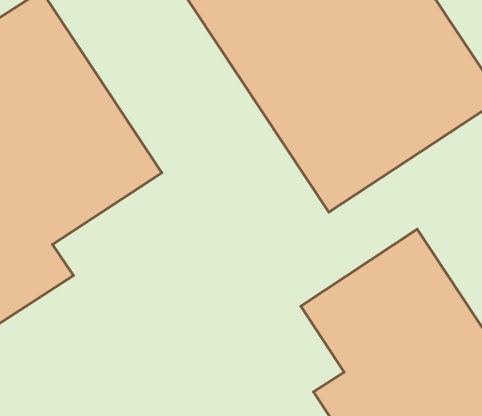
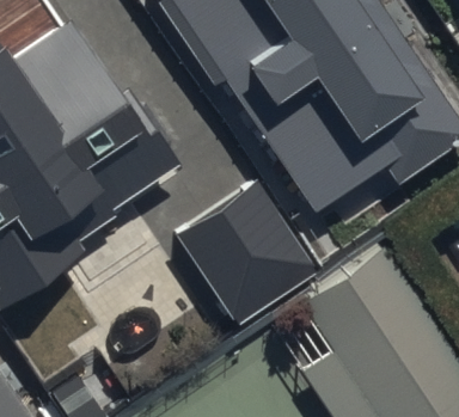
building: none -> [176,177,316,319]

